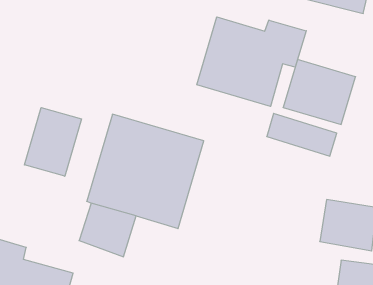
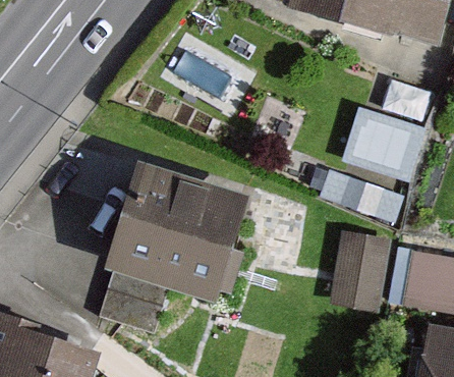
building: [197,17,306,106] -> none
building: [24,108,81,176] -> none
building: none -> [322,244,383,315]

